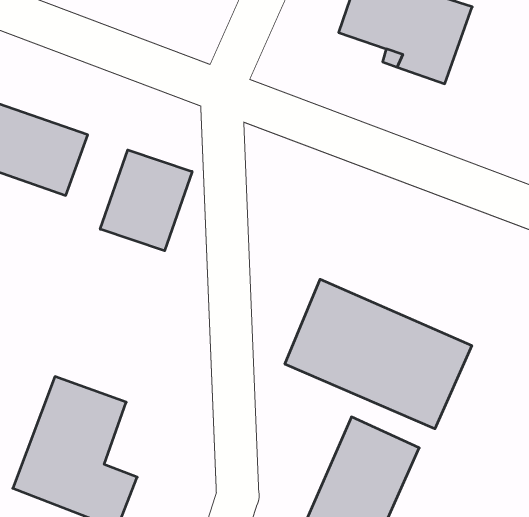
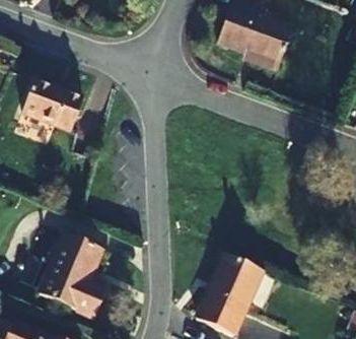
building: [100,150,192,251] -> none
building: [285,279,472,429] -> none

